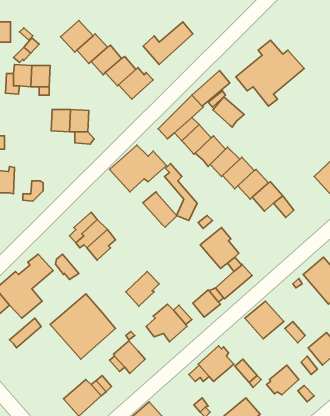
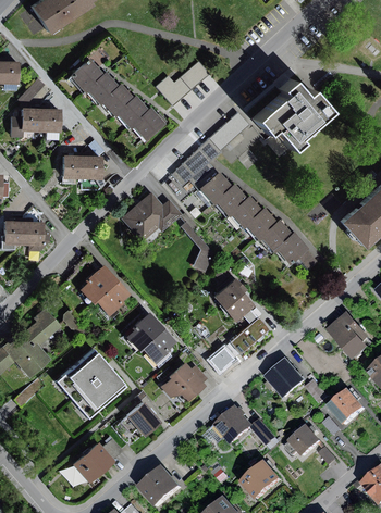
building: [213,97,244,127] -> none
building: none -> [17,215,37,243]
building: [143,192,177,227] -> none
building: none -> [123,311,160,350]

